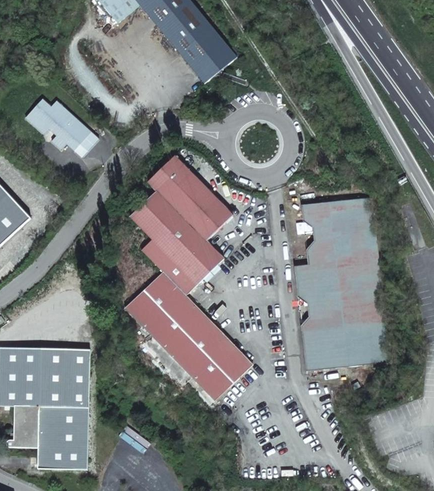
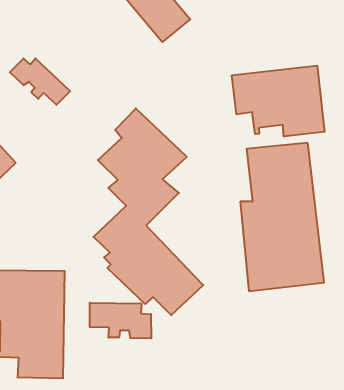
building: none -> [232,66,324,137]
building: none -> [90,303,151,339]

